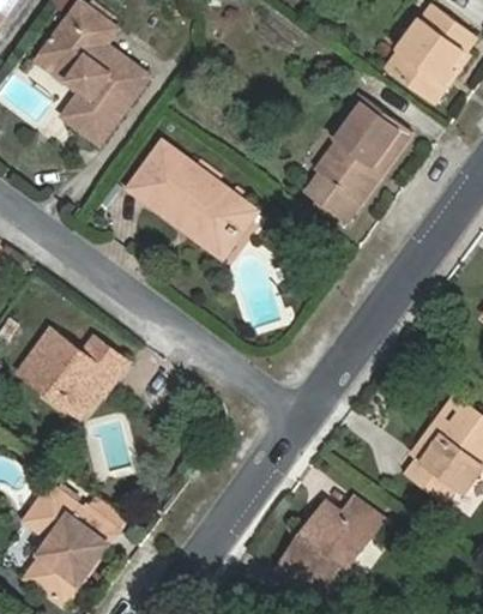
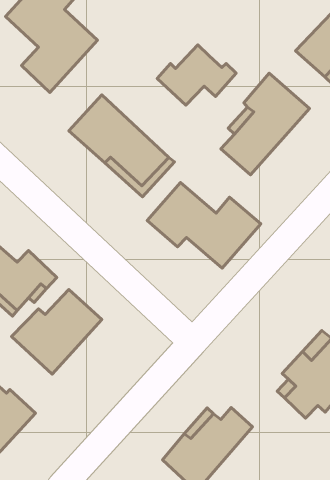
building: none -> [157,45,236,105]
building: none -> [147,182,261,268]
building: none -> [12,290,102,374]

